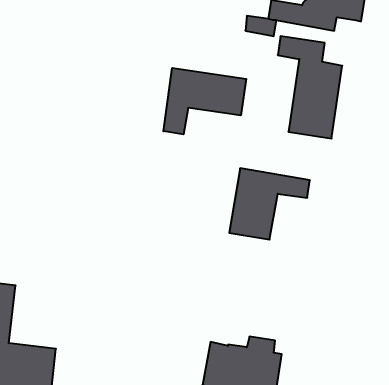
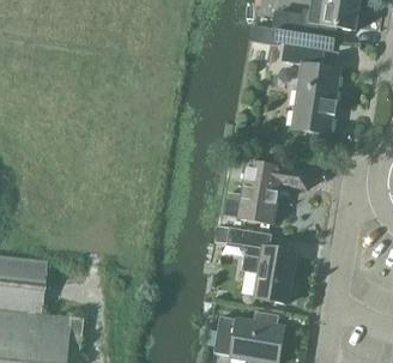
building: [163,68,246,134] -> none
building: none -> [226,225,295,302]

